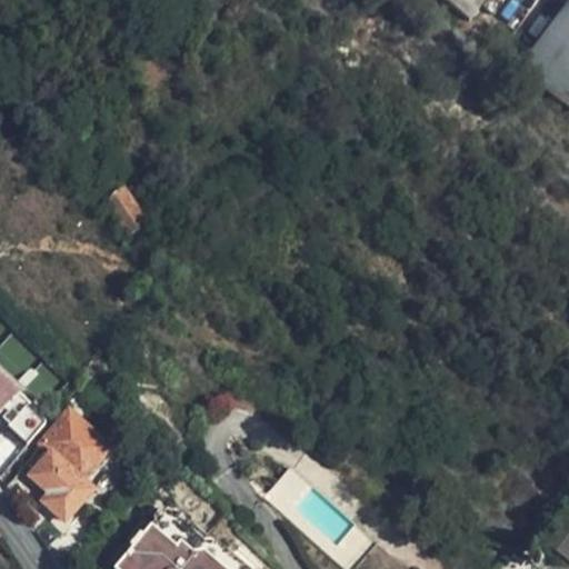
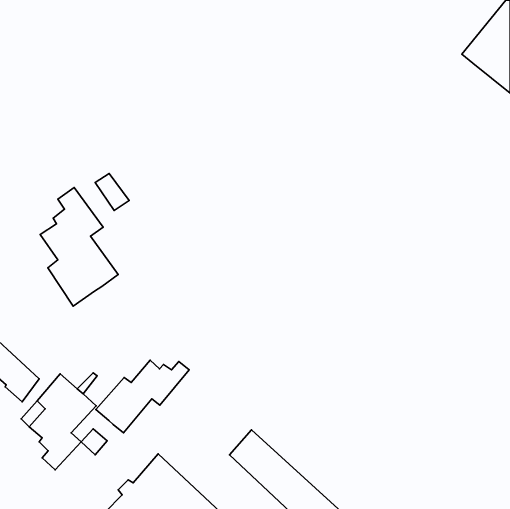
building: none -> [40,187,118,306]
building: none -> [96,360,189,433]

